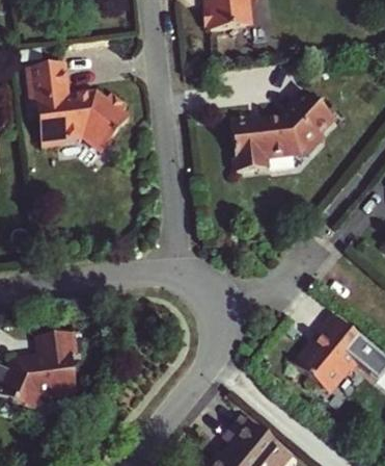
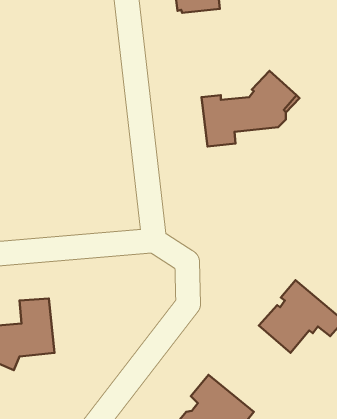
building: [31,61,129,149] -> none

